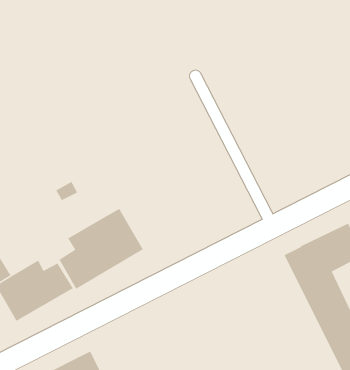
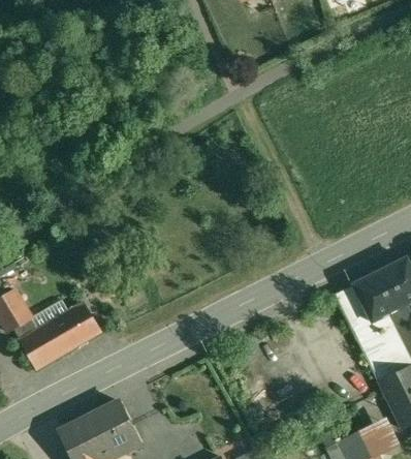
building: [58,208,144,290] -> none

